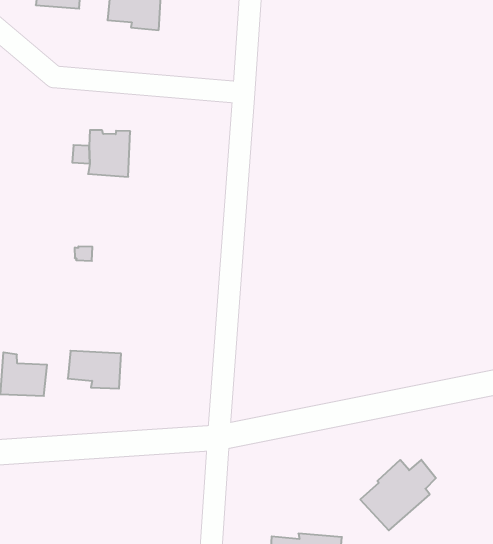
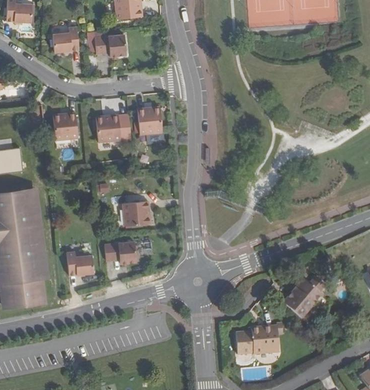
building: none -> [52,113,77,141]
building: none -> [137,107,162,134]
building: none -> [122,201,150,226]

